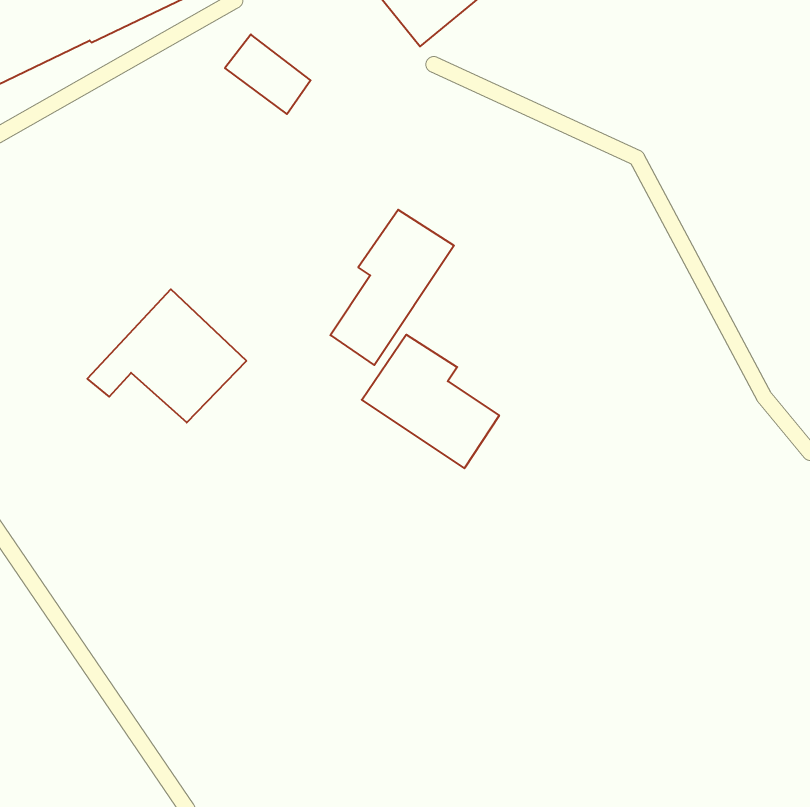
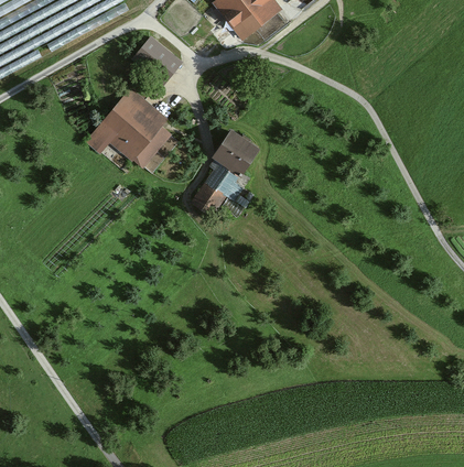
building: [87,289,246,423] -> [85,91,173,165]
building: [362,335,499,468] -> none

